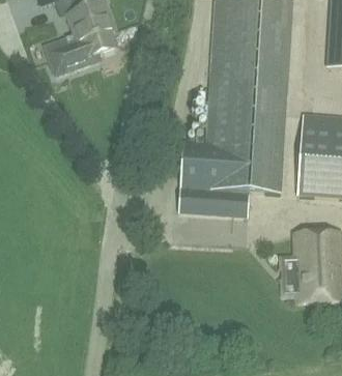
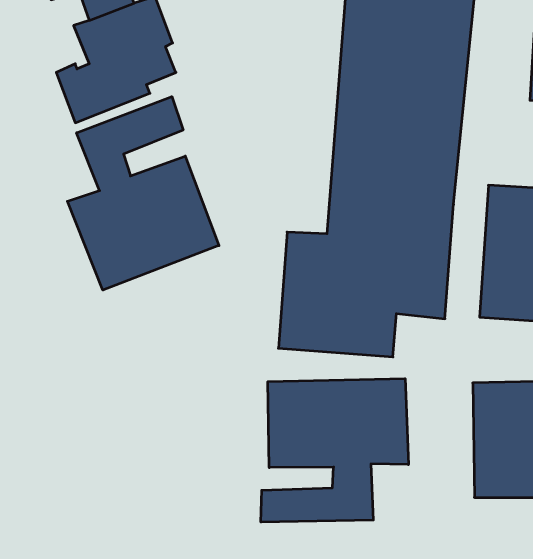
building: none -> [67,97,219,290]
building: none -> [261,379,408,522]

